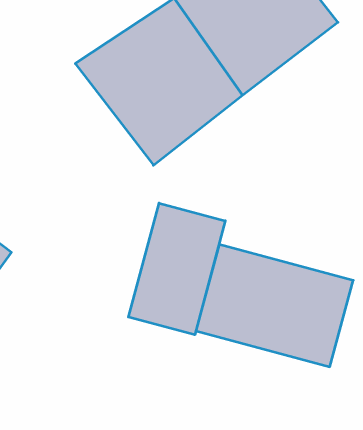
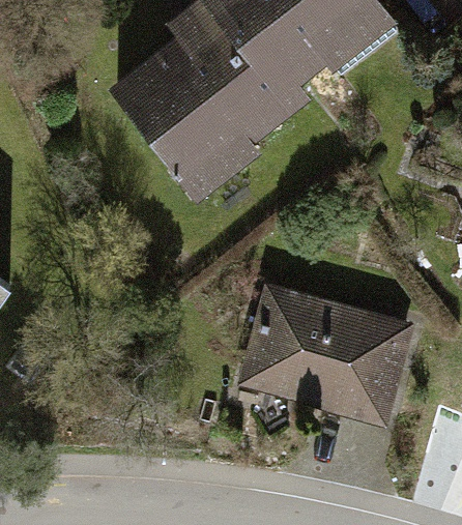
building: [128,203,225,335] -> none

